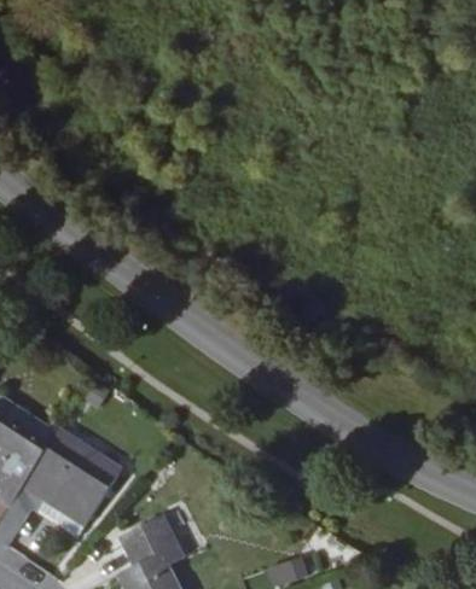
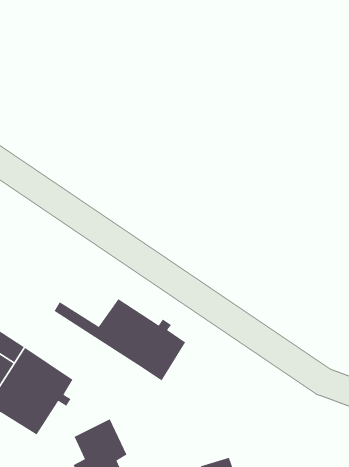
building: none -> [53,298,186,381]

